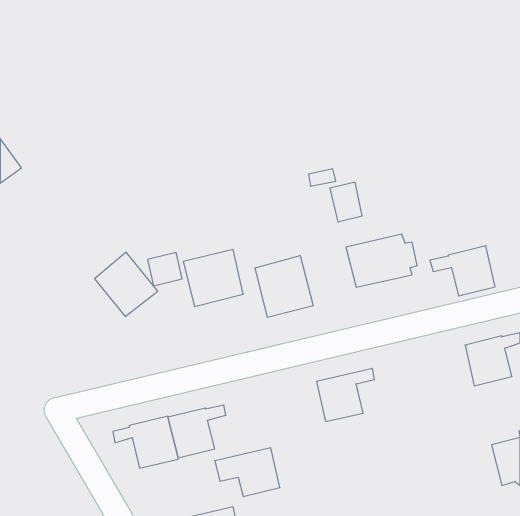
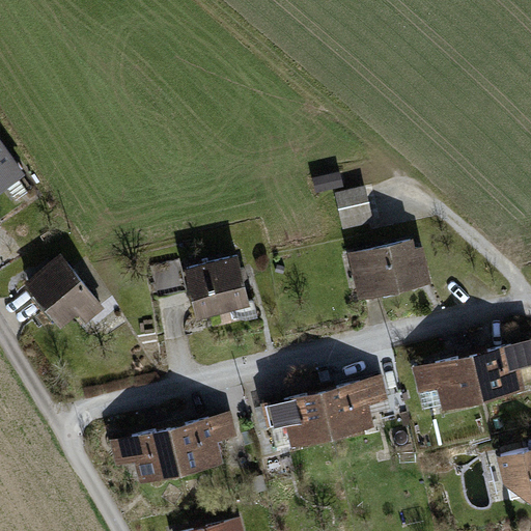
building: [430,246,495,296] -> [417,356,483,407]
building: [95,252,158,316] -> [29,258,93,324]
building: [255,255,313,317] -> none
building: [215,448,280,497] -> [266,393,332,443]

